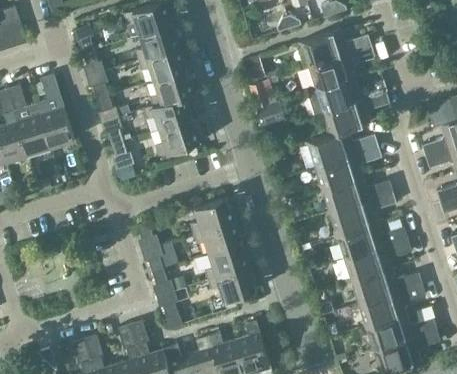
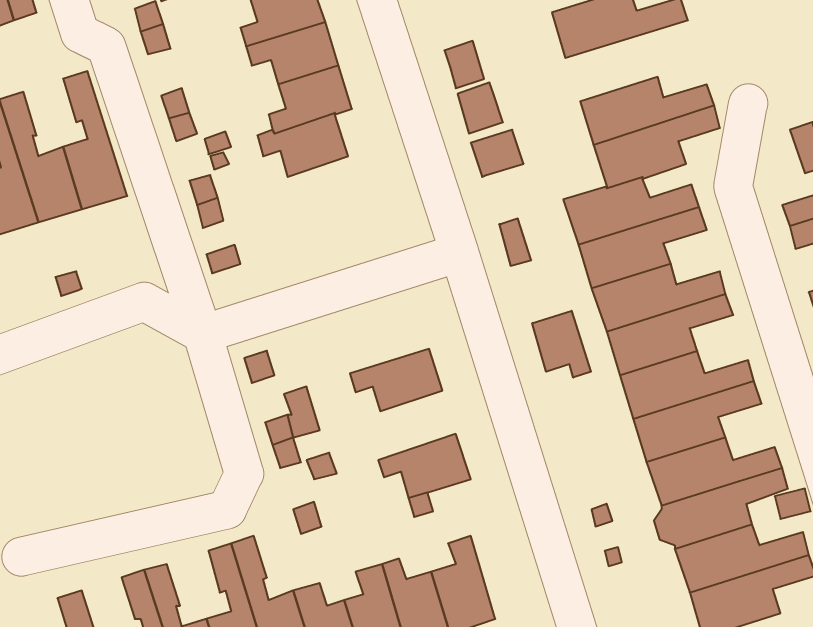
building: [307,47,375,90] -> none
building: [155,119,200,156] -> none
building: [190,197,235,234] -> none
building: none -> [532,311,591,378]
building: [205,243,249,280] -> none

